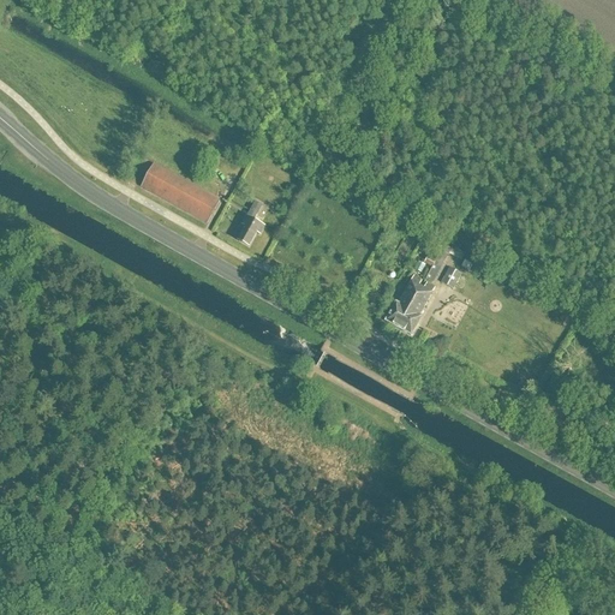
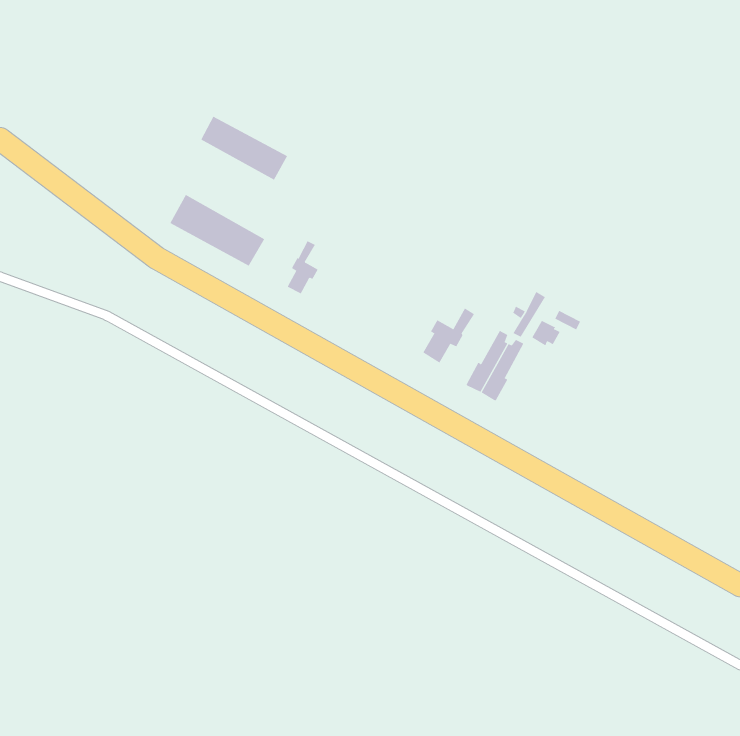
building: none -> [201,116,288,181]
building: none -> [423,307,475,363]

